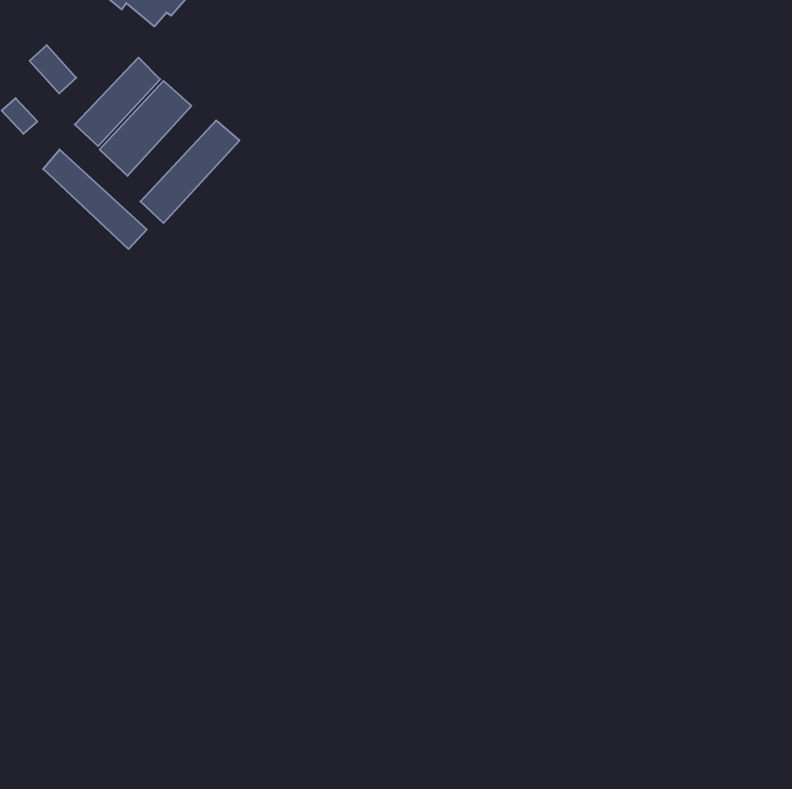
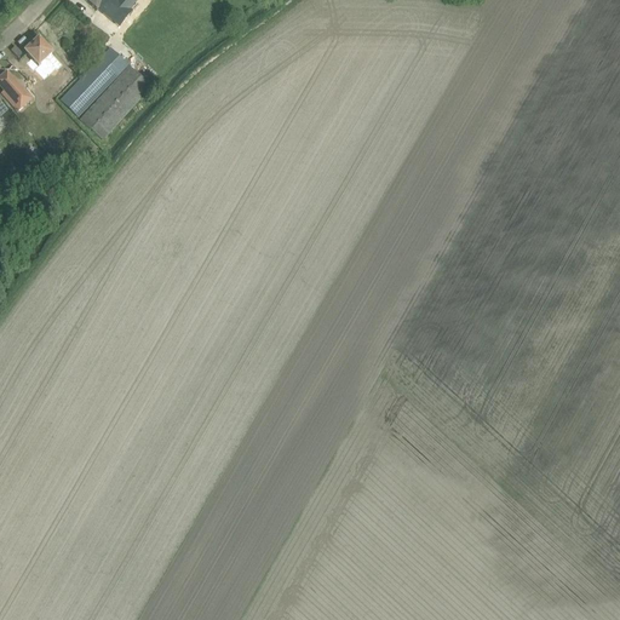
building: [140,120,239,223] -> none
building: [43,149,147,249] -> none

